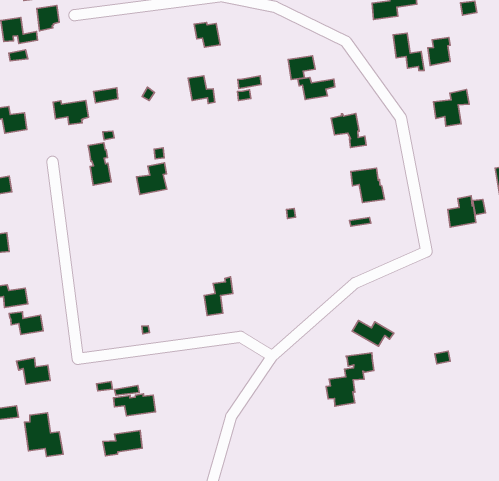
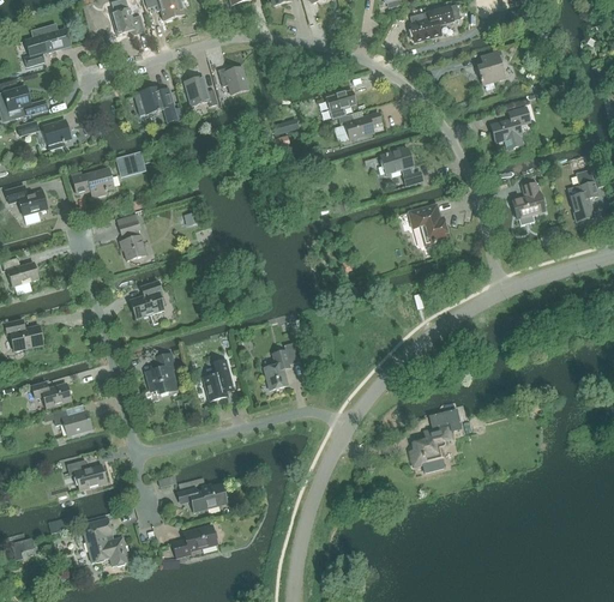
building: [37,6,59,31] -> [43,119,70,149]
building: none -> [133,85,174,114]
building: [393,33,424,70] -> none
building: [188,76,215,103] -> [185,76,217,106]
building: [137,163,167,195] -> [130,279,164,318]
building: [448,196,476,227] -> [512,181,544,218]
building: none -> [145,351,177,395]
building: none -> [203,357,234,399]
building: [352,320,394,346] -> none

